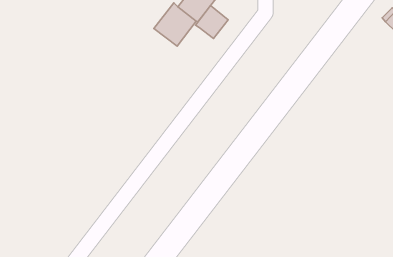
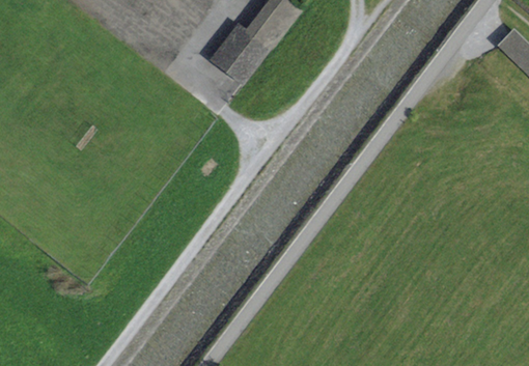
building: [195,6,228,39] -> none

